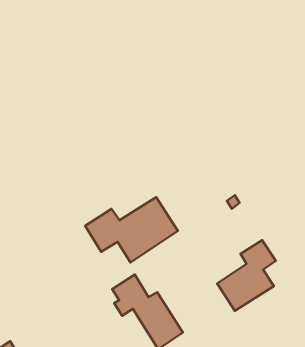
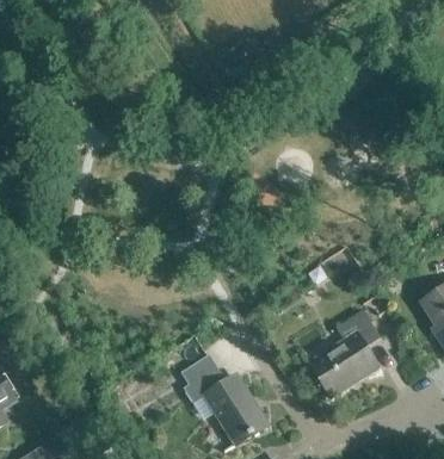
building: [85,197,178,262] -> none

